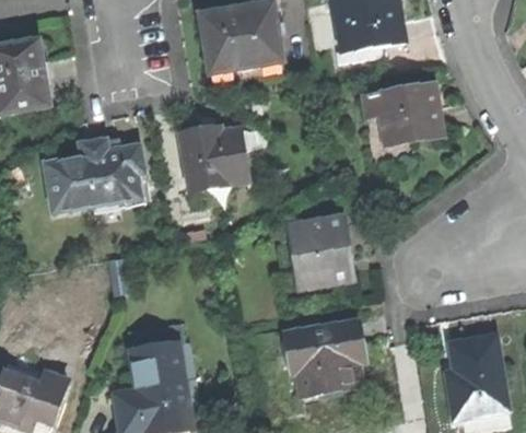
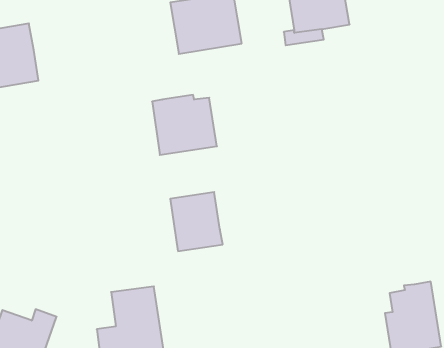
building: [378,84,443,143] -> none
building: [46,140,142,209] -> none
building: [289,218,349,285] -> [170,192,223,251]
building: [287,321,363,396] -> none

